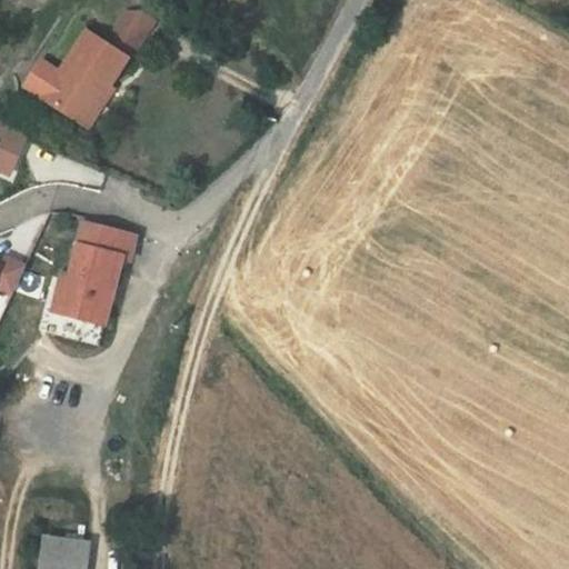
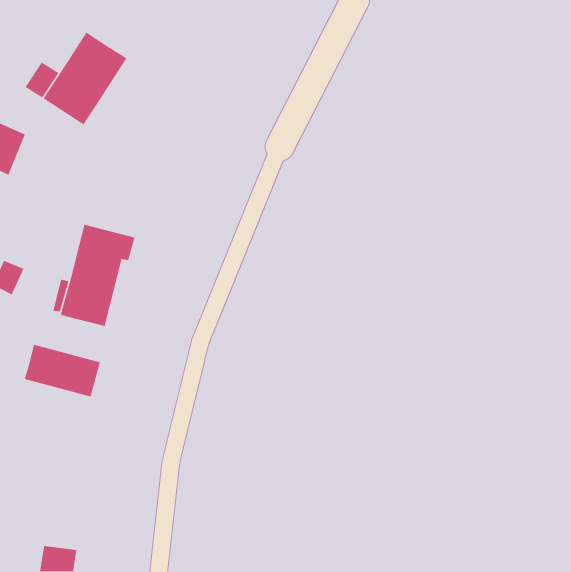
building: [103,10,148,58] -> none
building: none -> [24,344,101,398]

